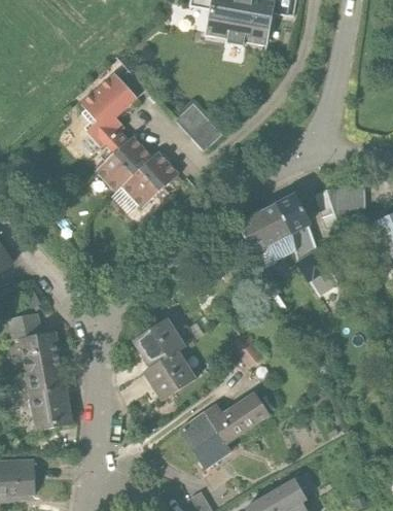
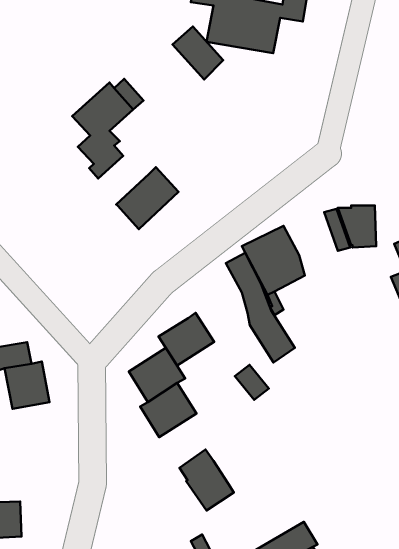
building: [175,106,221,155] -> [172,26,223,79]
building: [97,139,152,194] -> none
building: [275,198,337,298] -> [226,253,295,362]
building: none -> [159,313,214,365]
building: [28,368,72,428] -> none
building: [211,394,267,442] -> none

